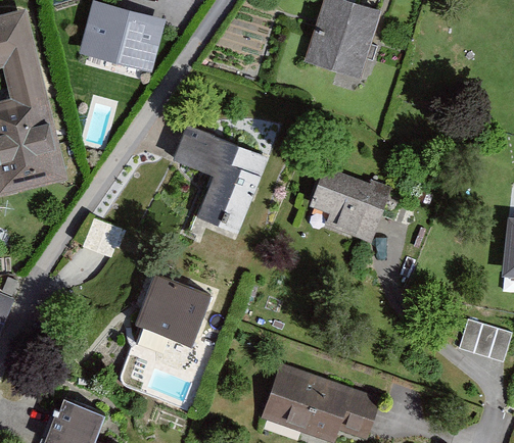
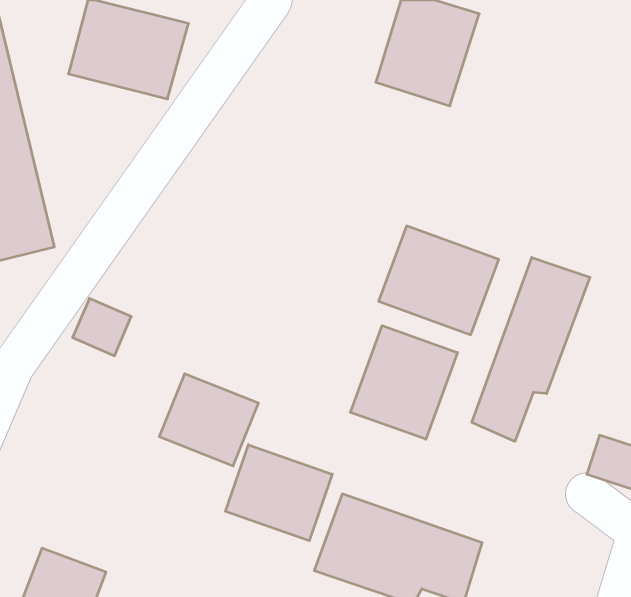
building: [175,121,270,227] -> none
building: none -> [472,257,590,441]
building: none -> [350,326,457,439]
building: none -> [225,445,332,541]

